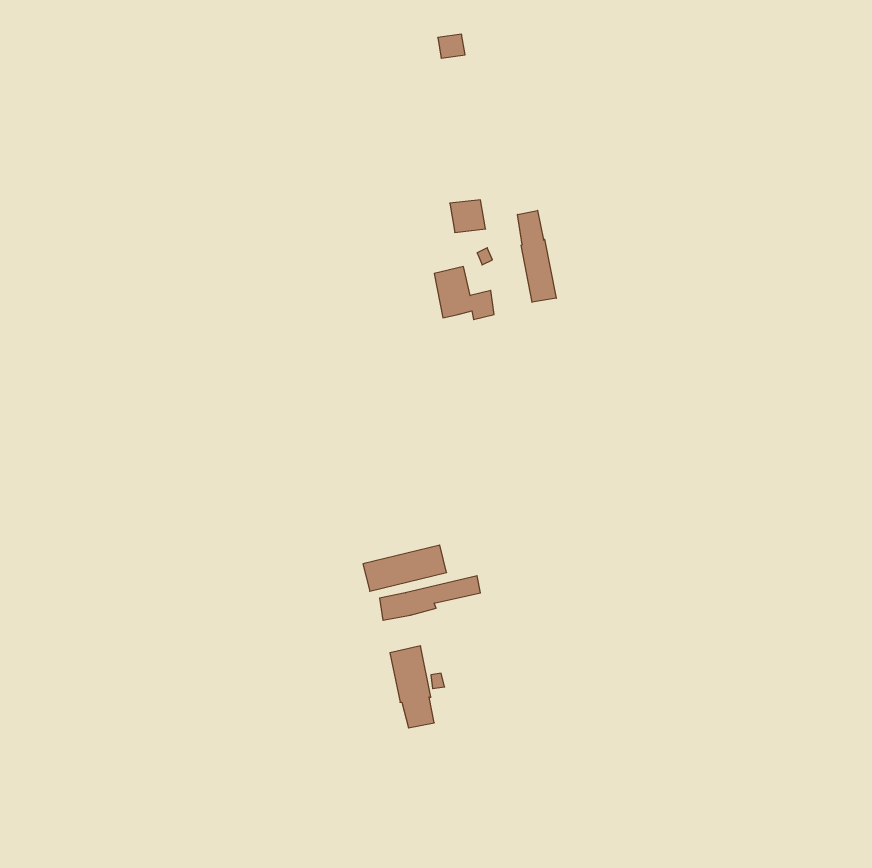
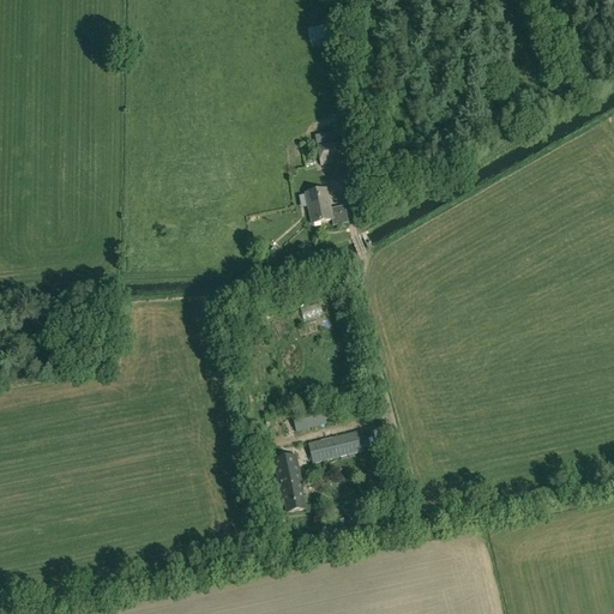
building: [518,210,556,302] -> none
building: [363,545,447,591] -> [307,429,366,462]

